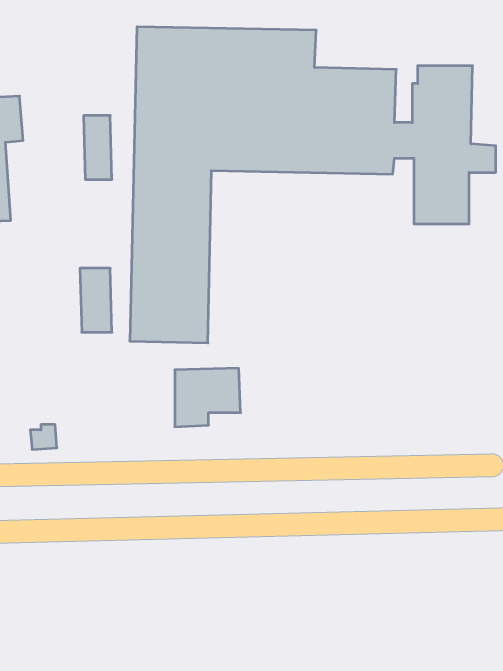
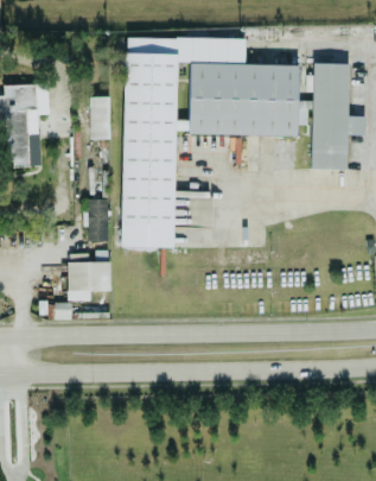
building: [175,368,241,427] -> [68,261,111,300]

